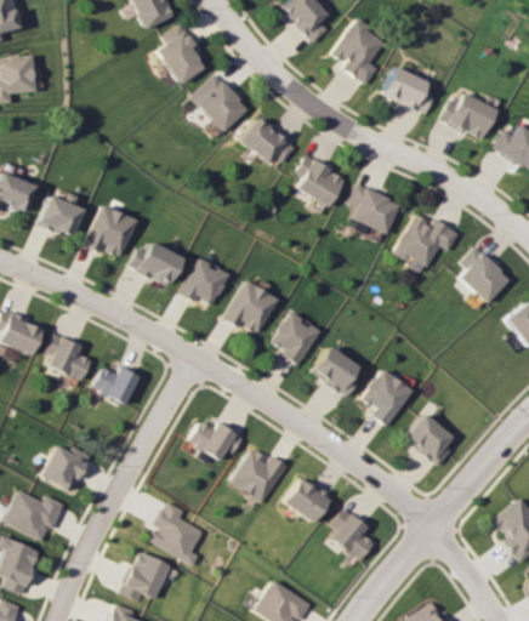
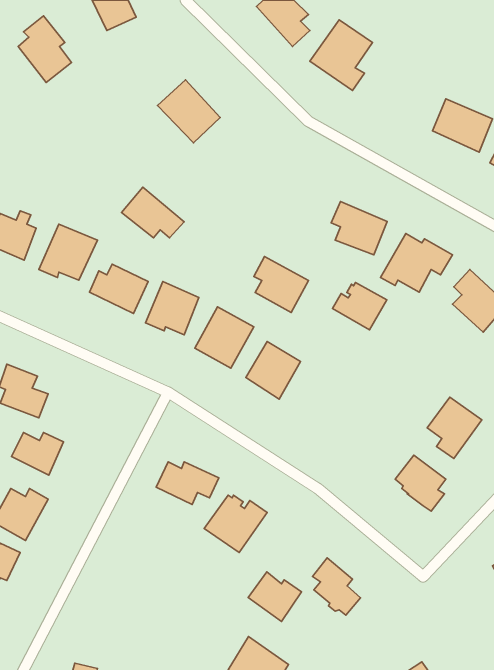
building: [157,23,205,84] -> [18,16,72,83]
building: [381,67,433,114] -> none
building: [238,116,295,163] -> [121,187,184,238]
building: [295,155,345,206] -> [254,256,308,312]
building: none -> [332,282,387,330]
building: [311,347,359,395] -> none
building: [92,366,140,405] -> [12,432,64,475]
building: [364,370,414,426] -> [427,397,482,459]
building: [285,479,334,524] -> [248,572,302,621]
building: [152,501,206,565] -> none
building: [124,552,171,602] -> none

